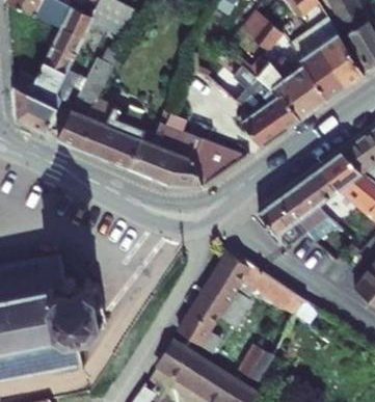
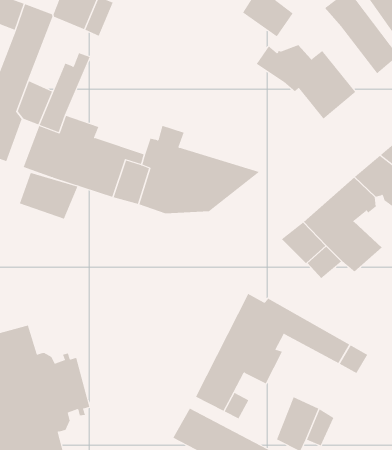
building: [290,31,345,100] -> none
building: [233,65,299,146] -> none
building: none -> [19,172,78,219]

